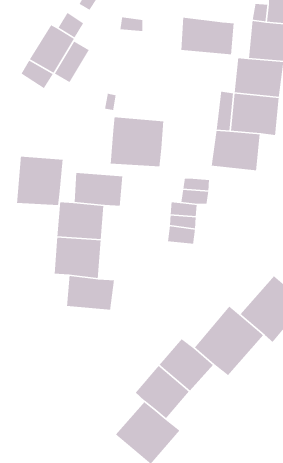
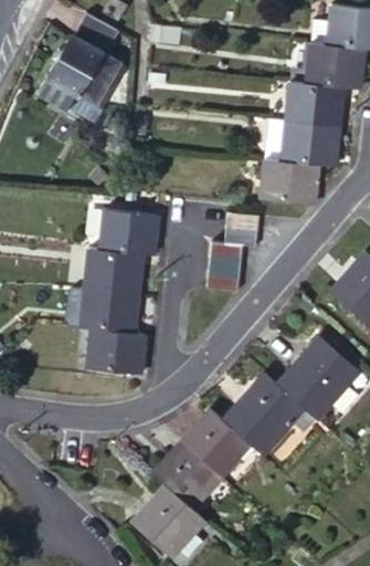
building: [180,17,235,55] -> none
building: [110,116,164,167] -> none
building: [16,156,63,206] -> none

